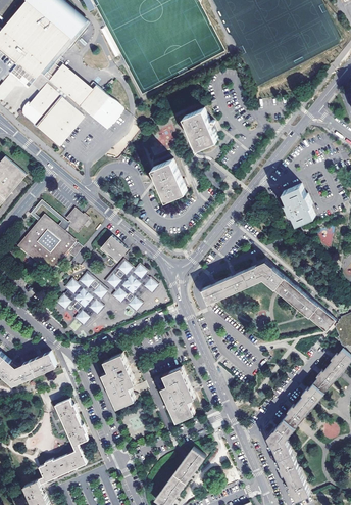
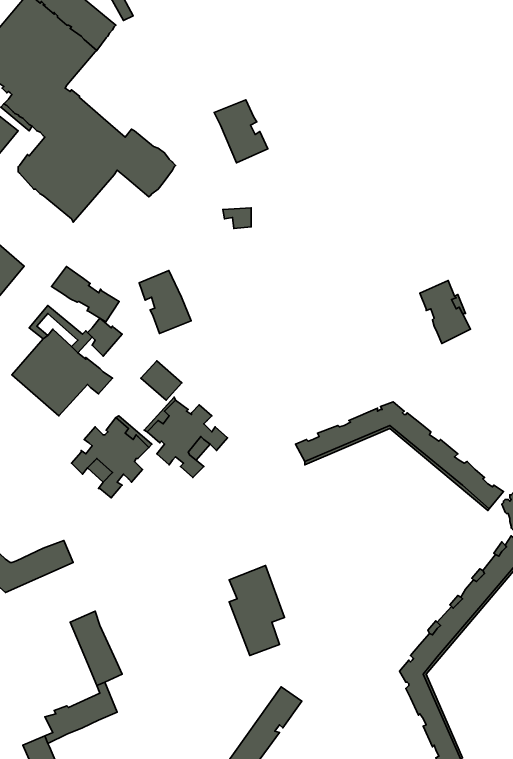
building: [183,107,217,148] -> [214,100,268,163]
building: [152,158,186,199] -> [139,270,191,333]
building: none -> [52,267,119,322]
building: [99,355,135,412] -> none

